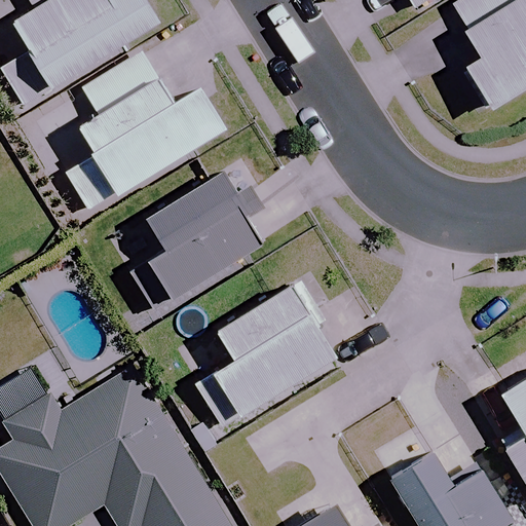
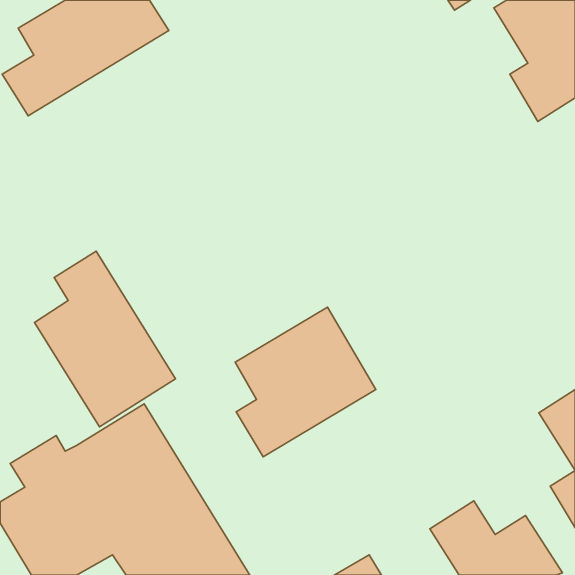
building: [66,51,226,213] -> none
building: [133,178,263,312] -> none
building: none -> [34,251,175,427]

